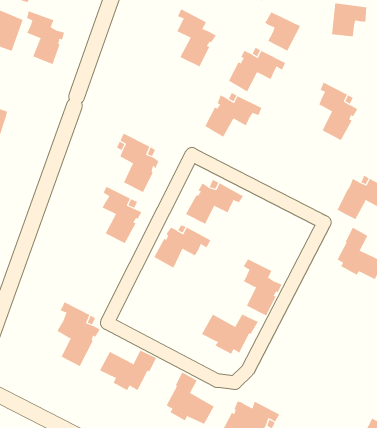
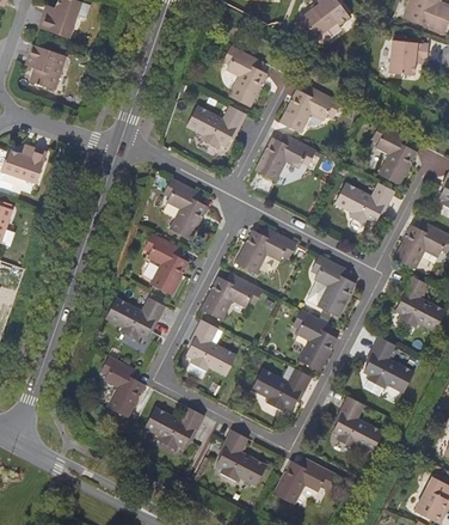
building: [26,11,65,65] -> none
building: [265,12,301,52] -> none
building: none -> [186,103,246,147]
building: none -> [336,182,395,225]
building: none -> [314,254,356,316]
building: none -> [106,295,166,340]
building: none -> [185,318,236,374]
building: none -> [363,336,414,392]
building: none -> [333,395,385,452]

